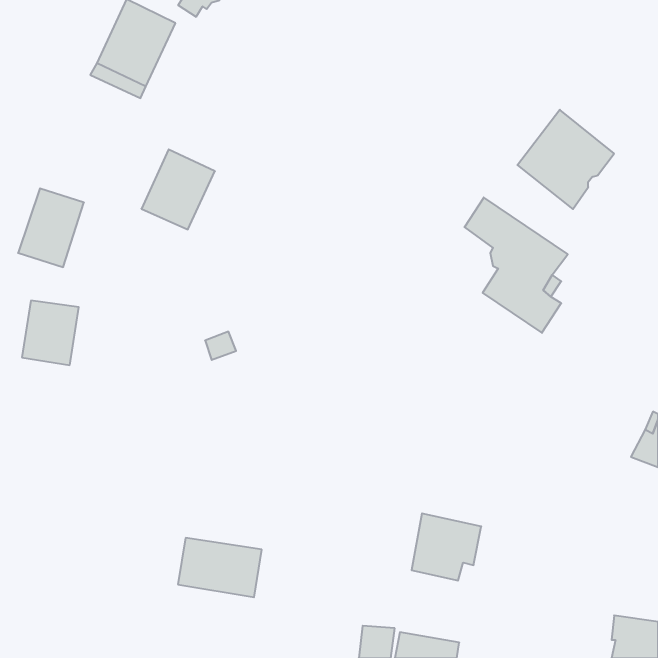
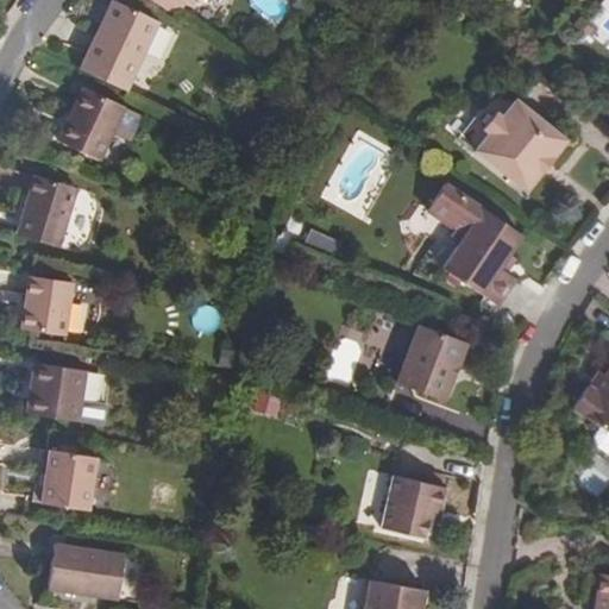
building: [141,149,215,229] -> [59,84,127,158]
building: none -> [395,325,465,401]
building: none -> [29,365,88,425]
building: none -> [38,447,98,510]
building: [178,538,262,597] -> [49,544,126,598]

